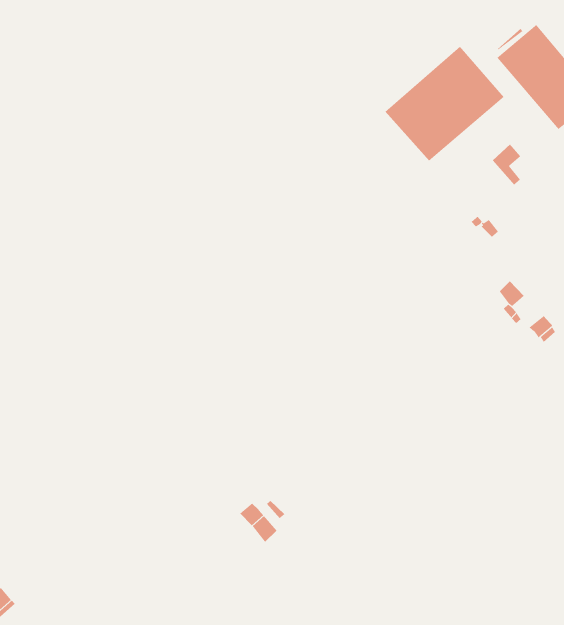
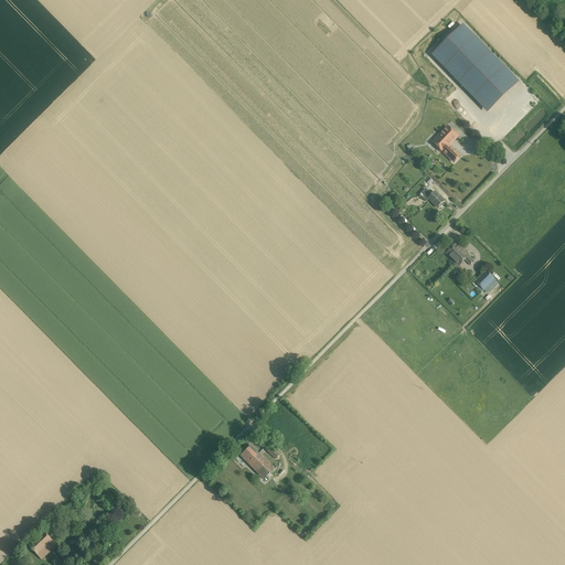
building: [384,46,505,161] -> none

